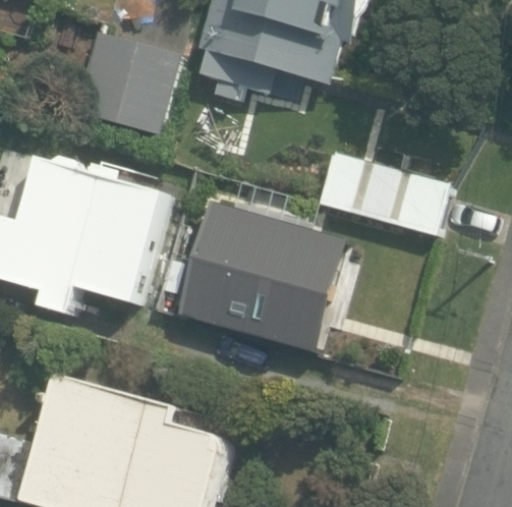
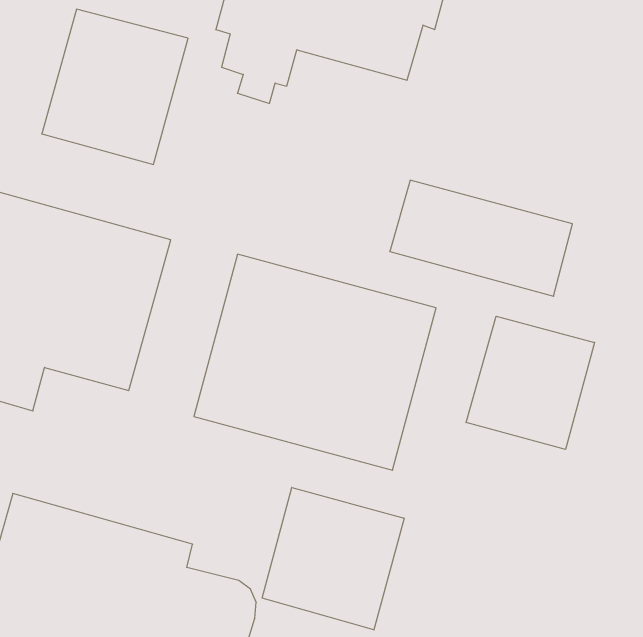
building: none -> [466,316,595,449]
building: none -> [262,487,404,630]

